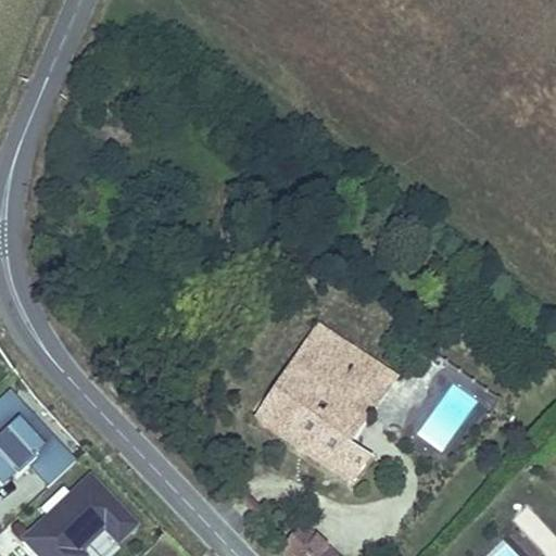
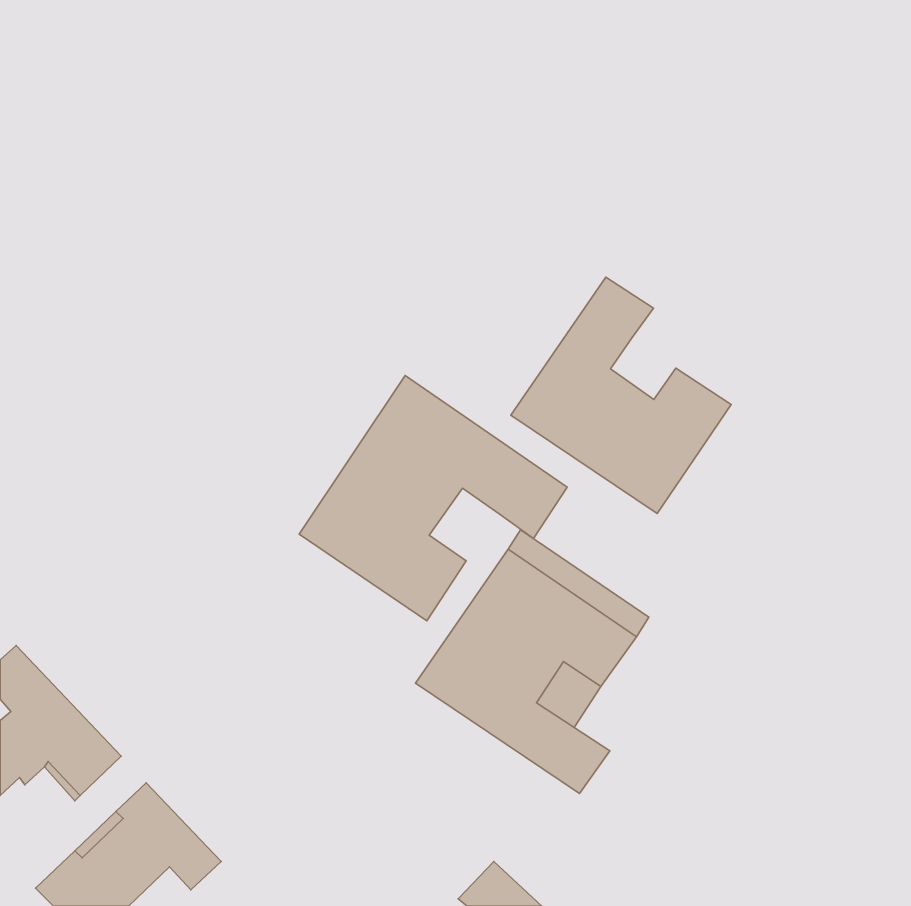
building: none -> [511,277,731,514]
building: none -> [299,375,567,621]

